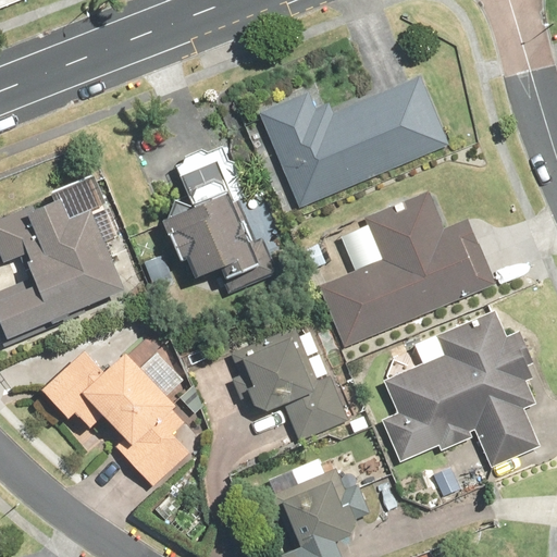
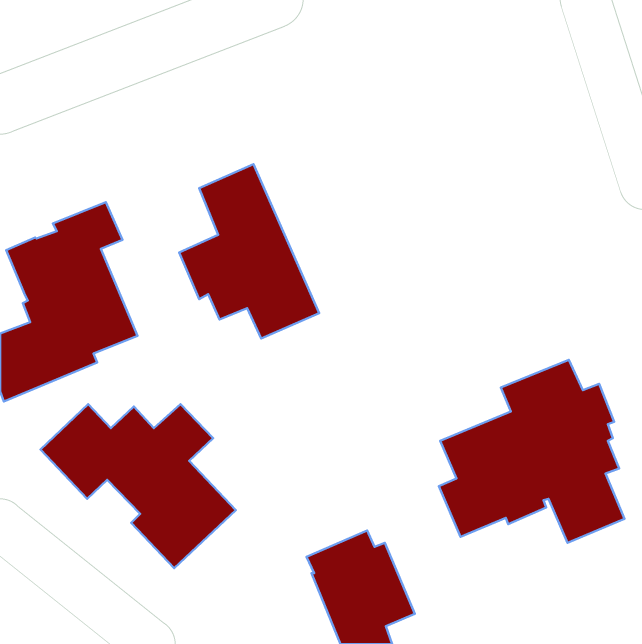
building: [259,75,449,207] -> none
building: [319,189,495,347] -> none
building: [231,325,349,441] -> none

